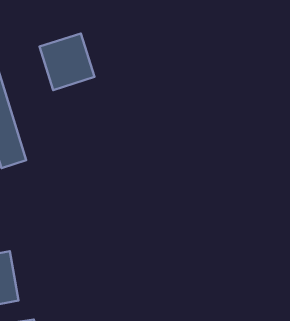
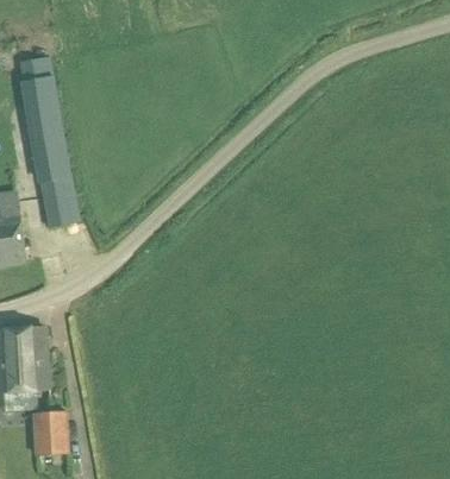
building: [39,33,94,90] -> none

